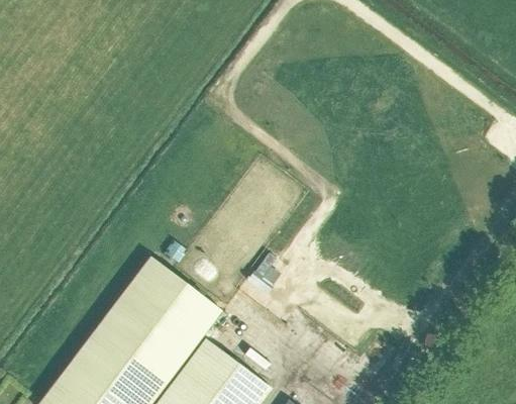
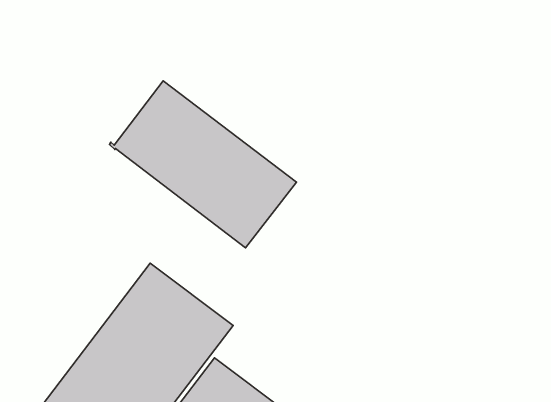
building: none -> [109,81,296,248]

